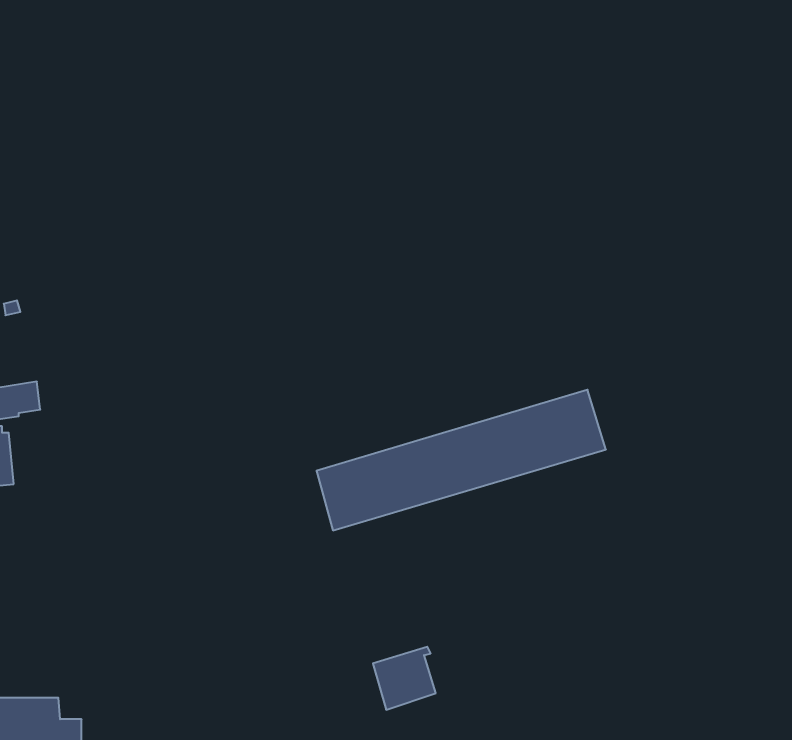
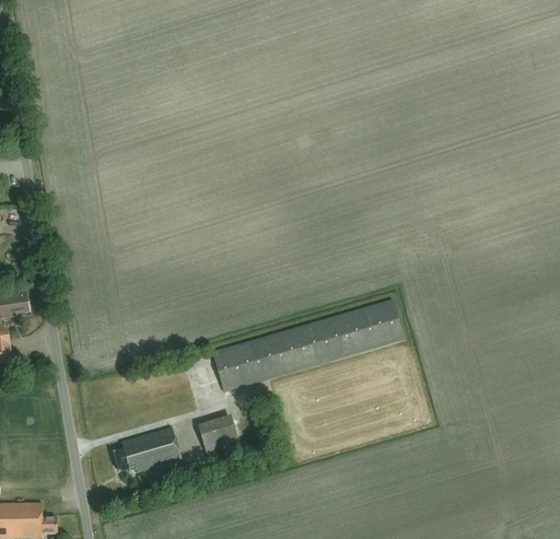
building: none -> [113,427,180,472]
building: [373,647,436,710] -> [198,418,240,459]

